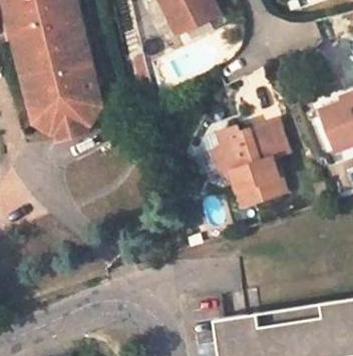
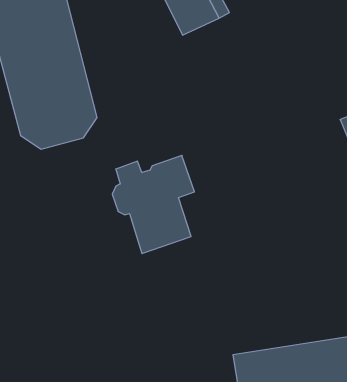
building: [212,124,284,211] -> [112,155,194,254]

